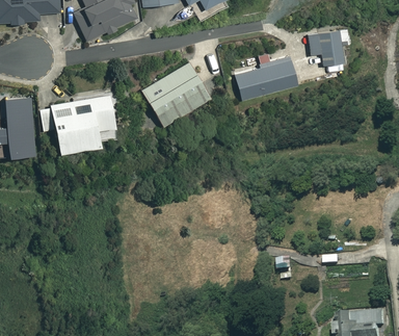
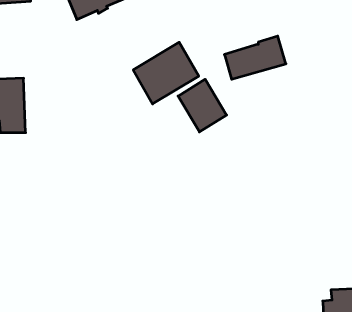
building: [308,29,349,64] -> none
building: [37,93,111,148] -> none
building: none -> [178,79,227,132]

